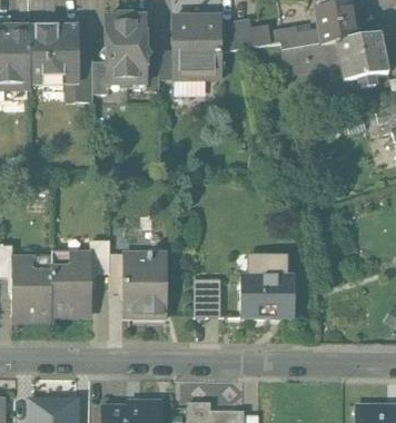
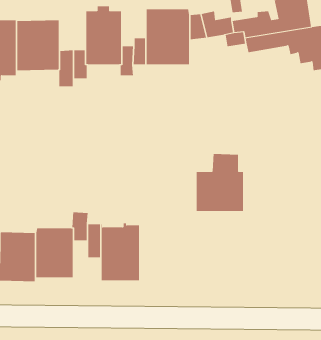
building: [241,253,295,317] -> [196,153,244,211]
building: [194,277,221,317] -> none

